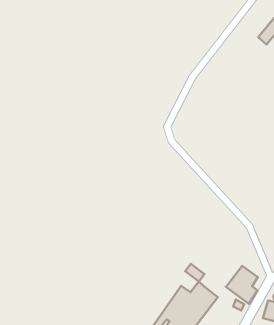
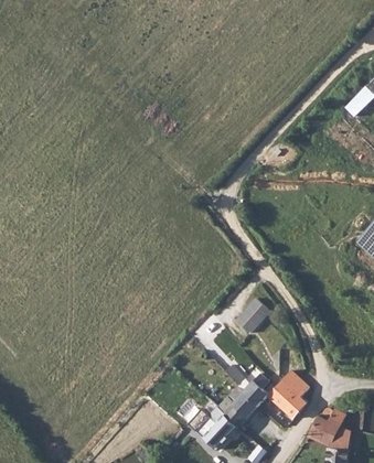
building: none -> [235,298,268,333]
building: none -> [244,374,270,406]

